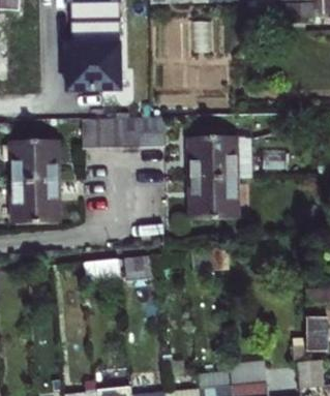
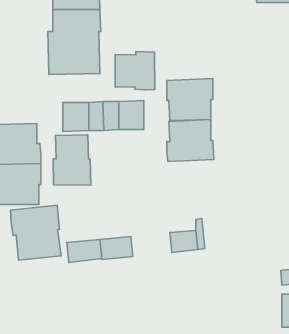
building: none -> [115,52,155,90]
building: none -> [53,135,91,185]
building: [190,177,238,220] -> [167,79,213,121]
building: none -> [11,205,61,260]

